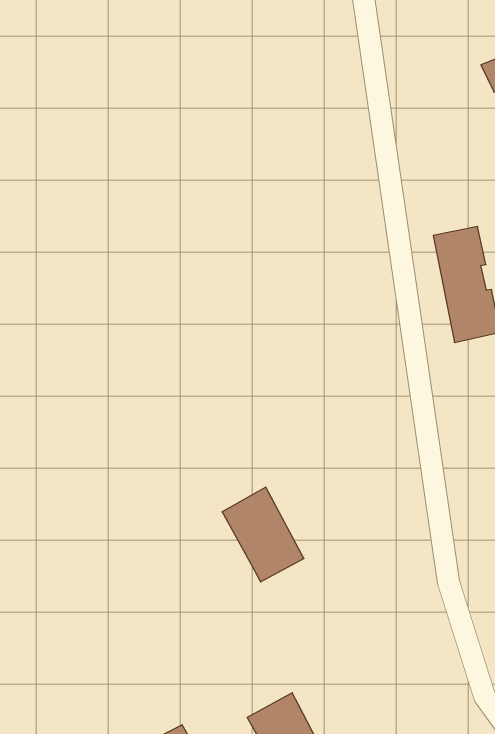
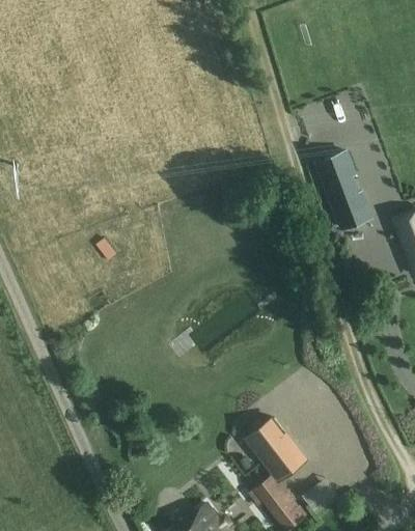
building: [222,487,304,582] -> [247,418,305,480]

